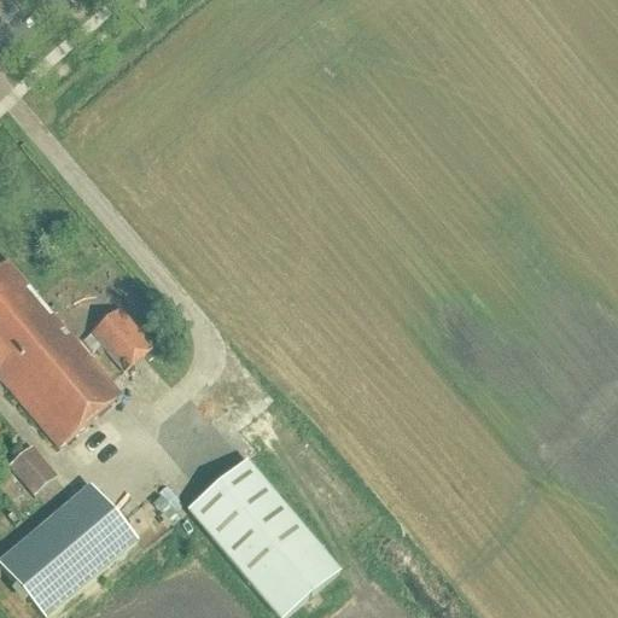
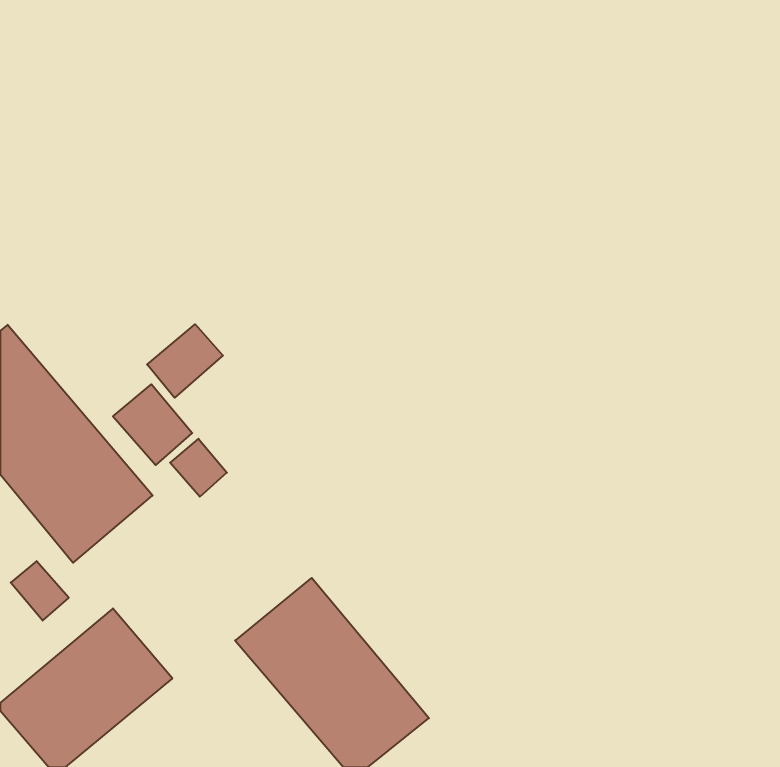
building: none -> [147,324,223,398]
building: none -> [170,439,227,497]

